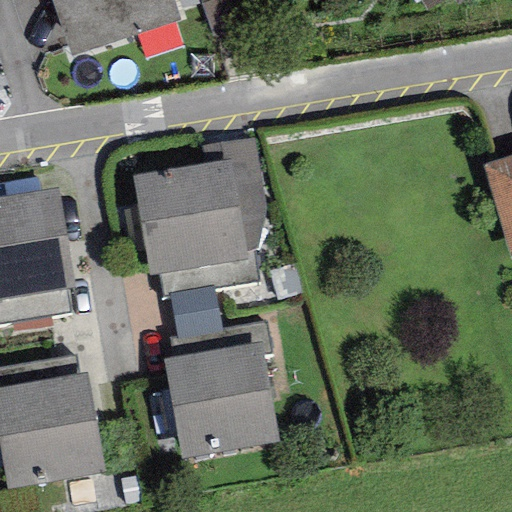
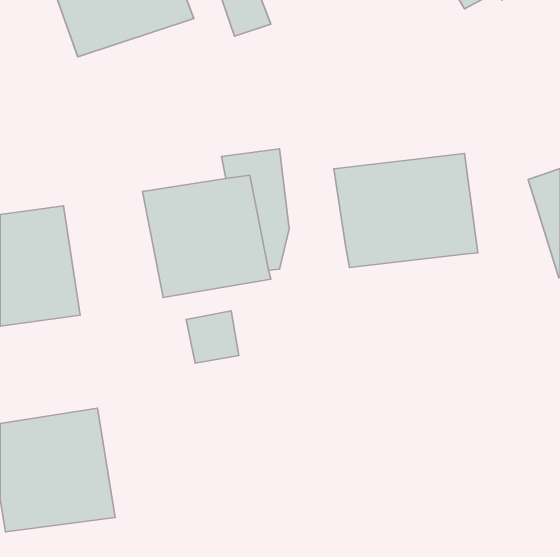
building: none -> [334,154,478,267]
building: [163,344,279,458] -> none

